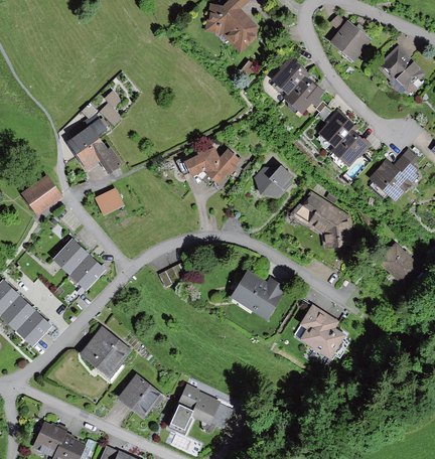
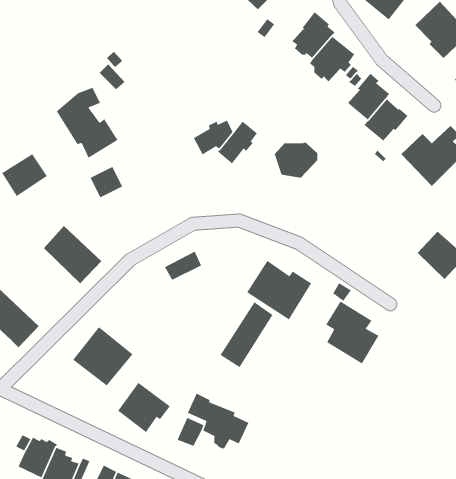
building: [292,188,354,250] -> none
building: none -> [219,301,274,368]

